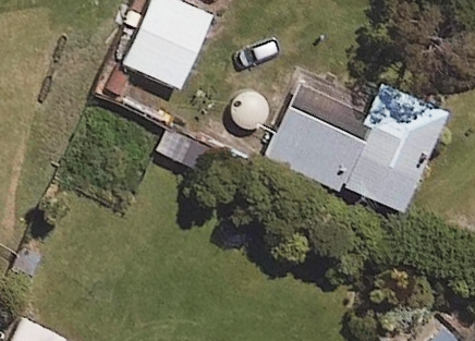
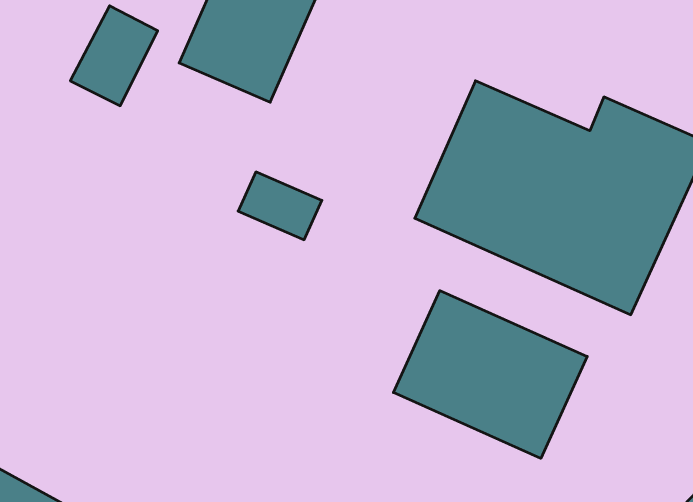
building: none -> [393,291,587,458]

